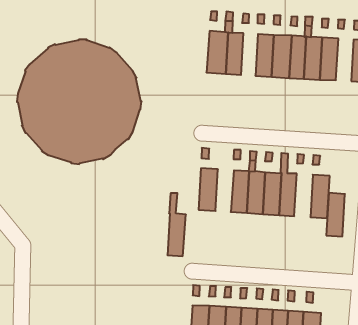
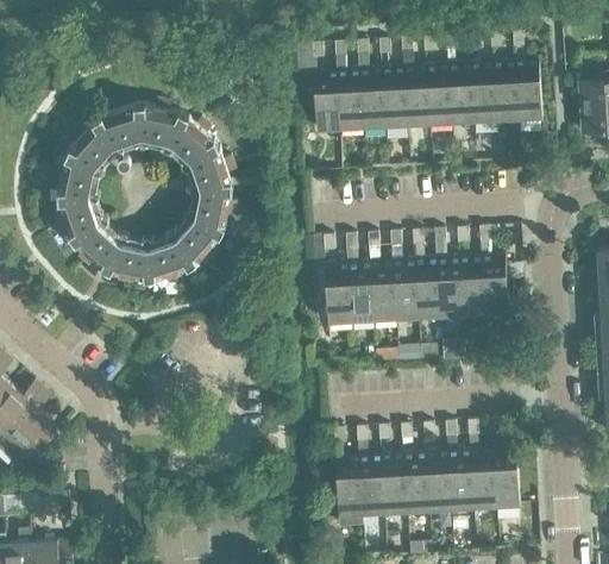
building: none -> [360,71,384,131]
building: none -> [494,63,519,123]
building: [326,193,345,236] -> [458,258,484,319]
building: [167,193,186,256] -> [345,237,372,325]

